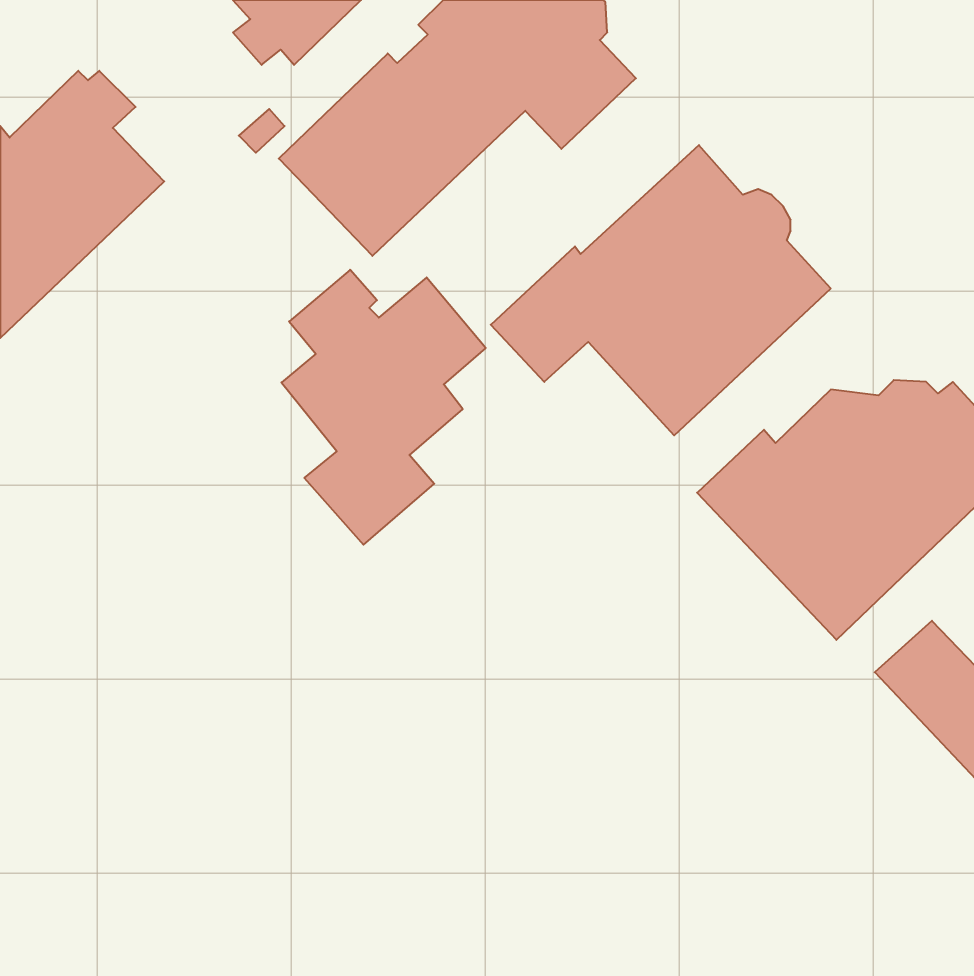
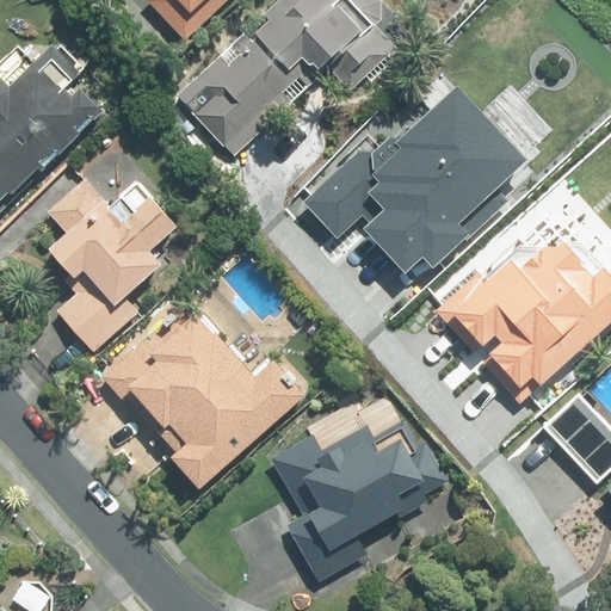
building: [281,270,486,545] -> [42,178,169,350]
building: none -> [106,301,303,488]
building: none -> [269,422,444,582]

